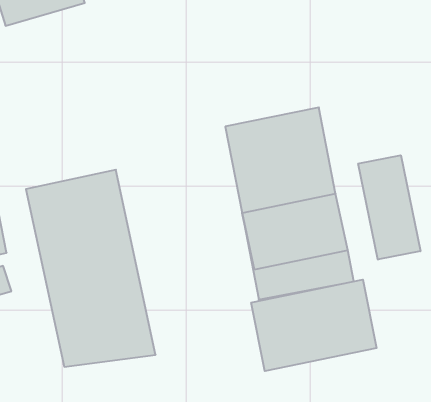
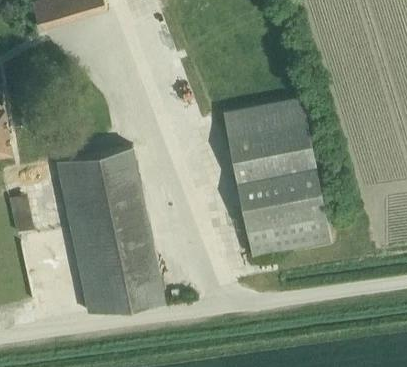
building: [358,155,420,260] -> none
building: [251,280,377,371] -> none

